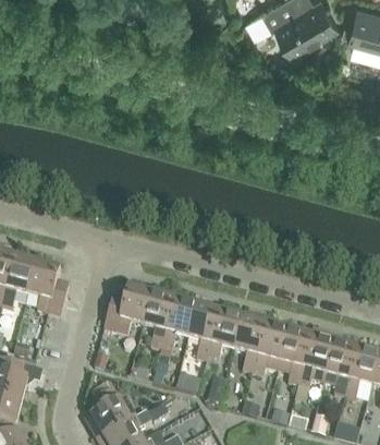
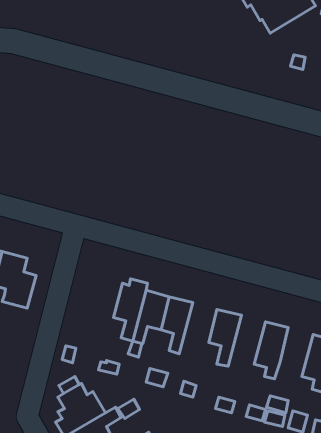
building: [105,286,152,334] -> none
building: [207,303,243,362] -> none
building: [254,322,290,374] -> none
building: [298,328,335,386] -> none

